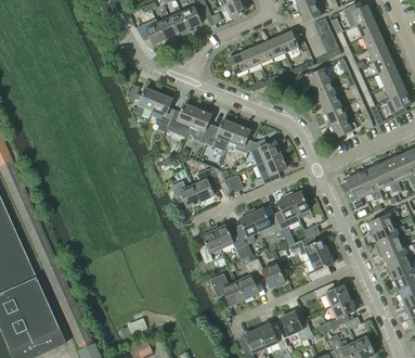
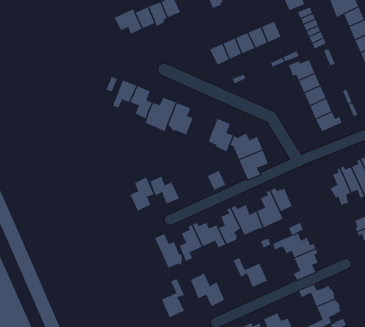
building: [206,118,235,150] -> none
building: [192,167,216,201] -> [130,176,154,211]
building: none -> [154,233,183,268]
building: [235,260,258,298] -> [161,278,185,318]

